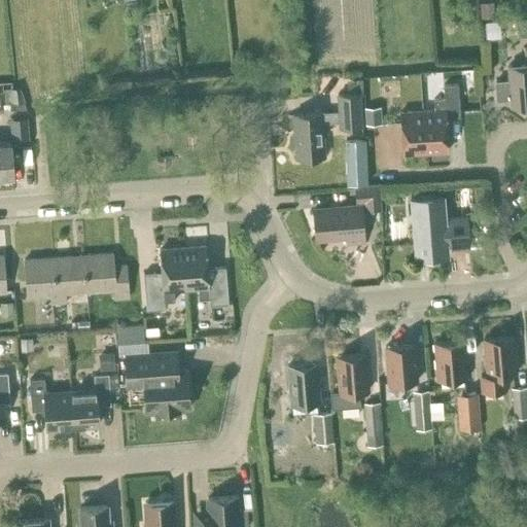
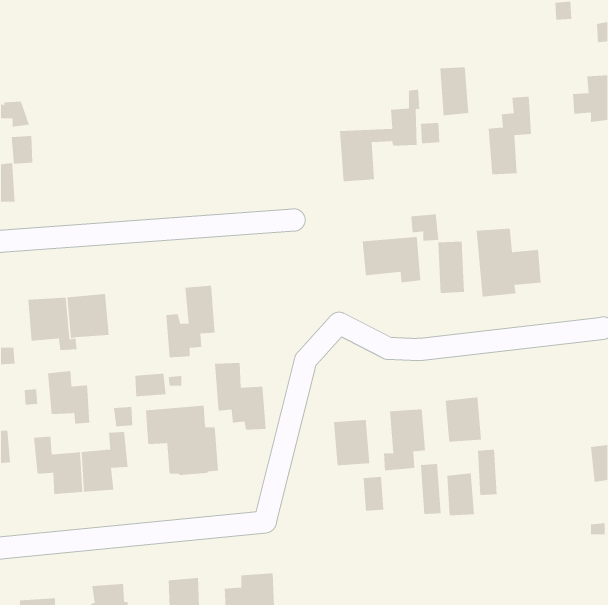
building: [399,113,425,155] -> [439,67,469,116]
building: [344,141,367,186] -> [437,241,465,293]
building: [183,248,229,307] -> [214,362,267,430]
building: [92,254,129,301] -> [47,371,90,424]
building: [481,339,516,392] -> none
building: [434,342,466,381] -> none
building: [456,394,481,431] -> [446,473,475,516]

